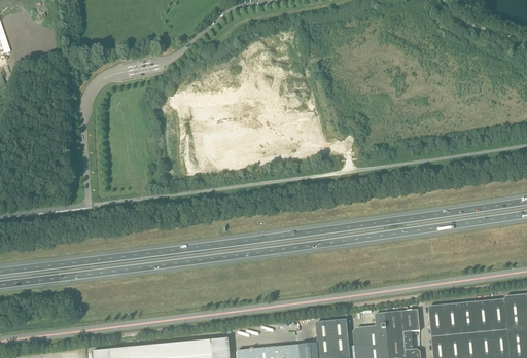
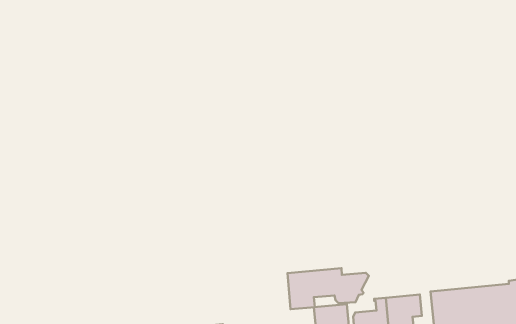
building: none -> [287,268,369,309]

